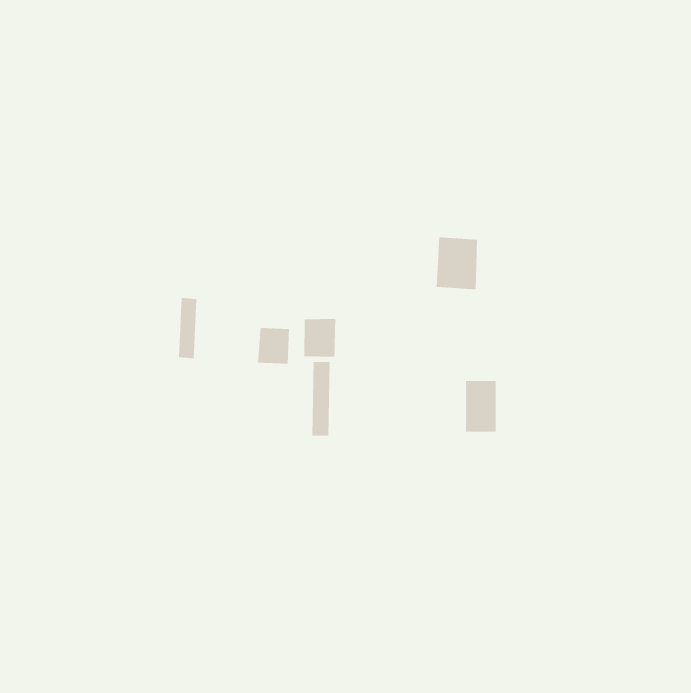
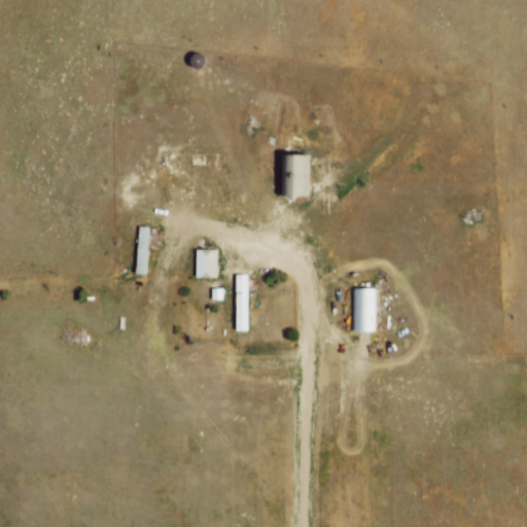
building: [436,237,478,290] -> [282,154,314,195]
building: [304,318,336,358] -> none

